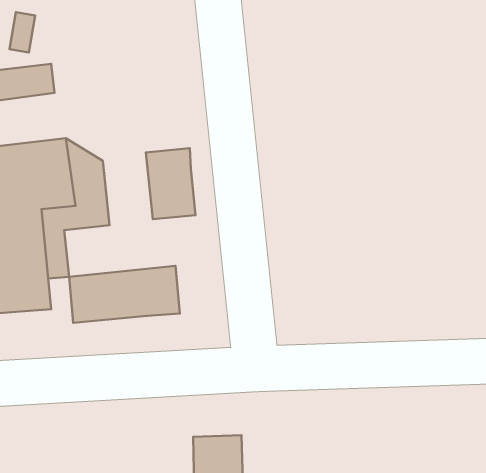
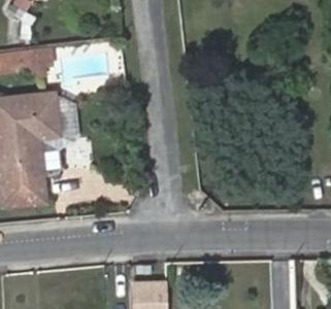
building: [146,148,195,219] -> none
building: [69,266,180,323] -> none

